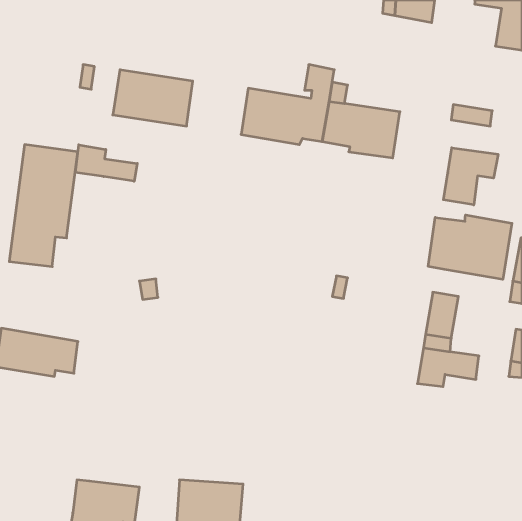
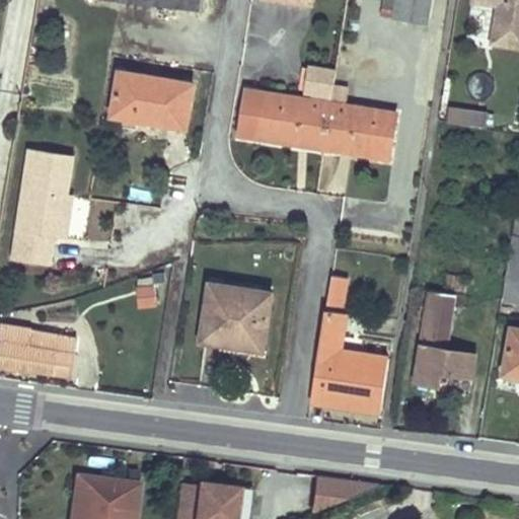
building: [75,145,137,181] -> none
building: [443,148,498,205] -> none
building: [428,215,512,279] -> none
building: none -> [200,283,271,352]
building: none -> [310,311,391,412]

